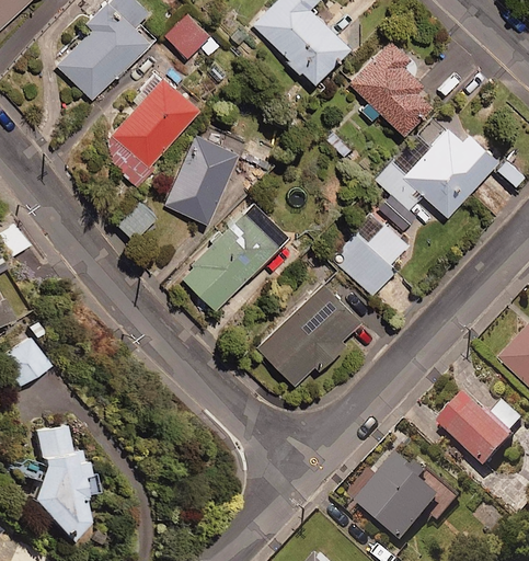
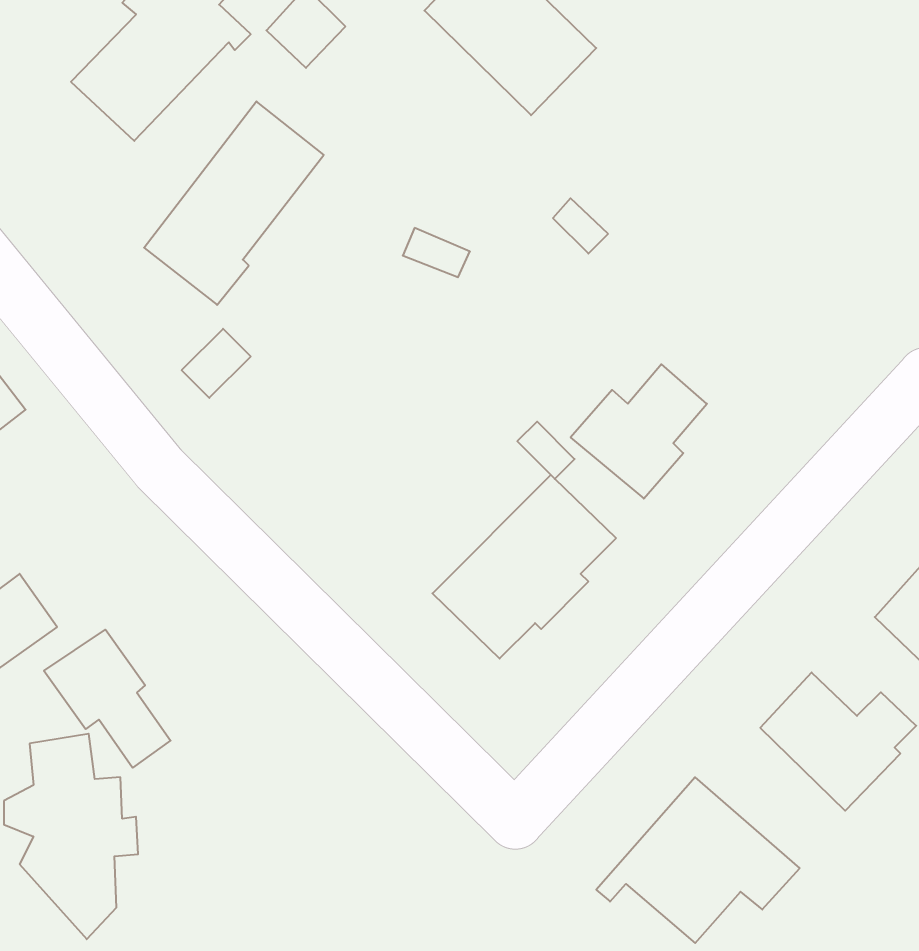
building: [349,39,432,134] -> none
building: [166,127,243,224] -> none
building: [378,128,497,217] -> none
building: [182,201,290,309] -> none
building: none -> [44,630,171,768]

